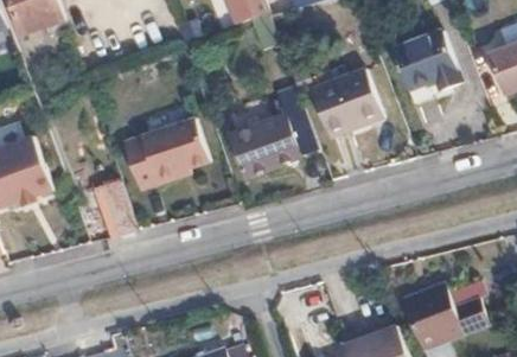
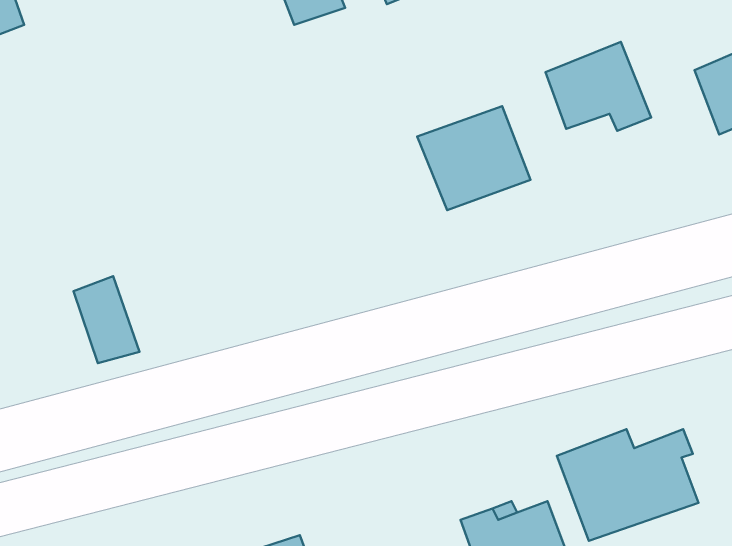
building: [232,84,317,171] -> none
building: [117,111,208,183] -> none

